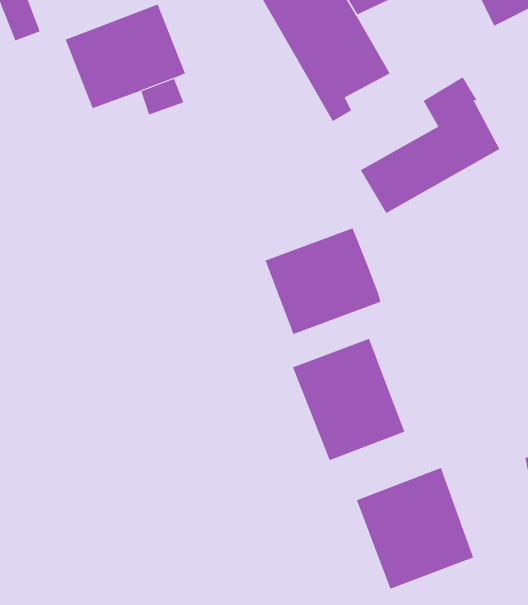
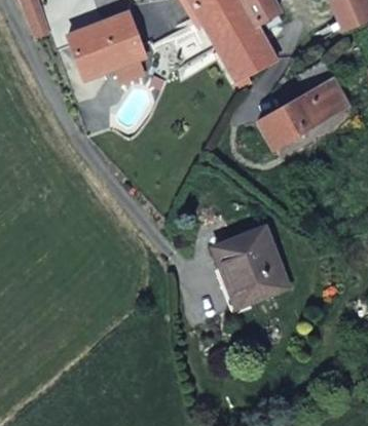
building: [265,228,381,335] -> none
building: [356,467,474,589] -> none

